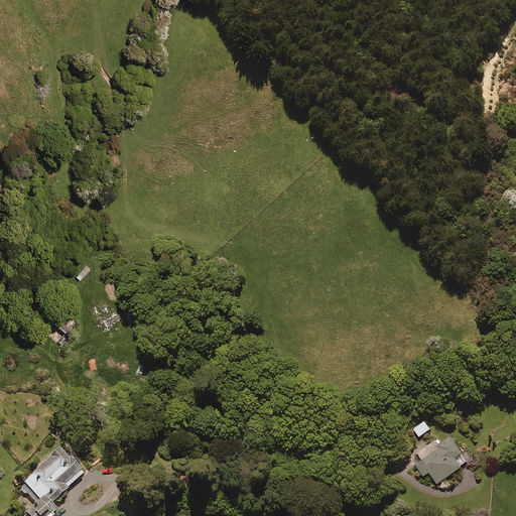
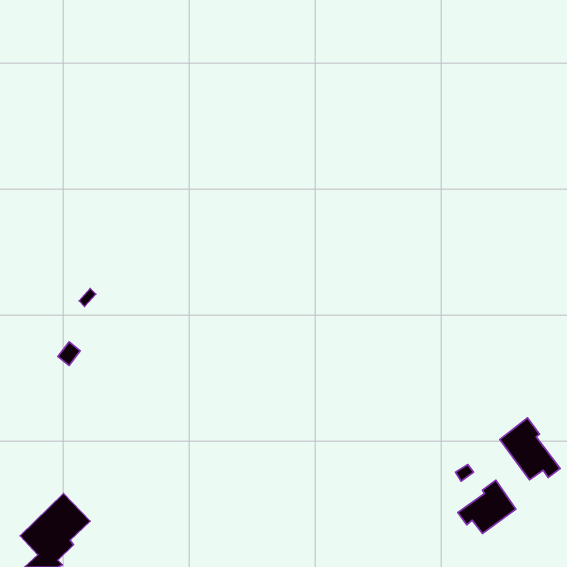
building: none -> [500,418,560,480]

